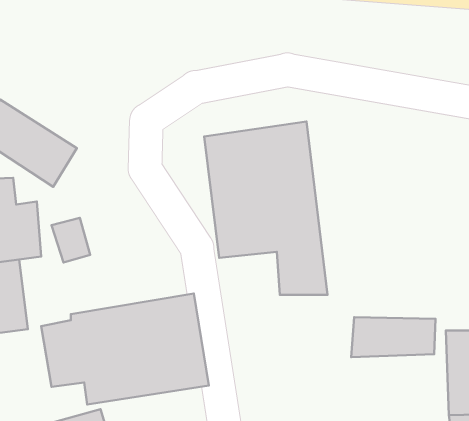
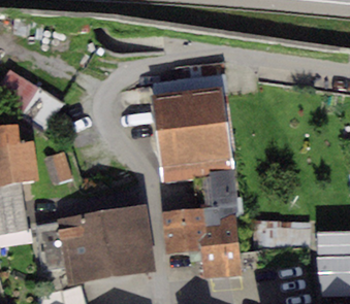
building: none -> [163,207,243,279]

